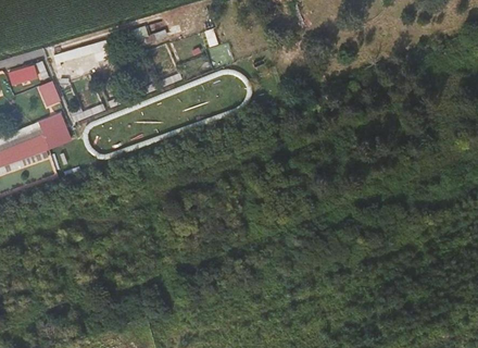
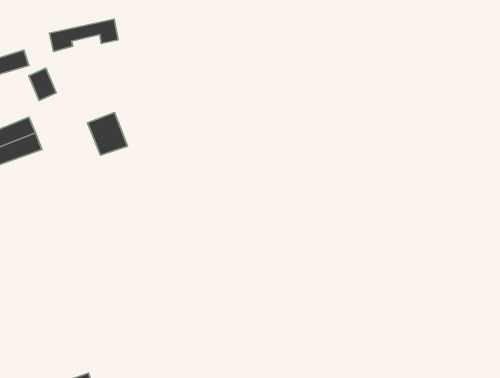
building: [37,115,71,151] -> [87,113,128,155]

